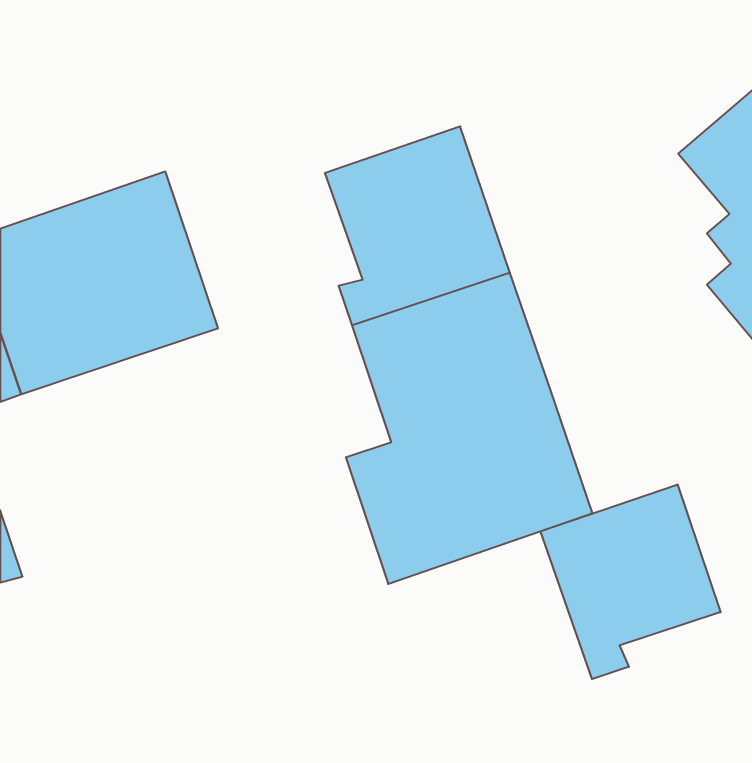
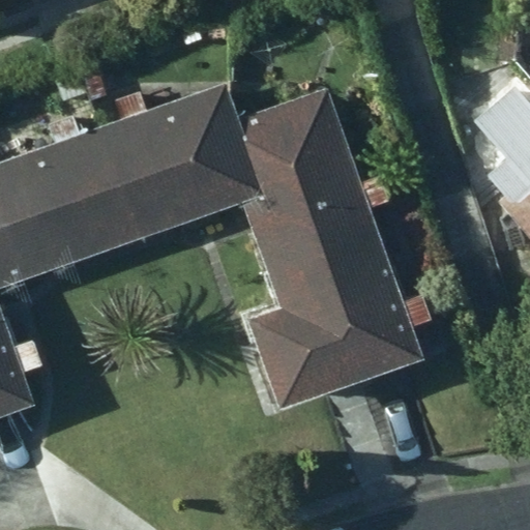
building: none -> [125,89,261,230]
building: [541,484,721,679] -> none

